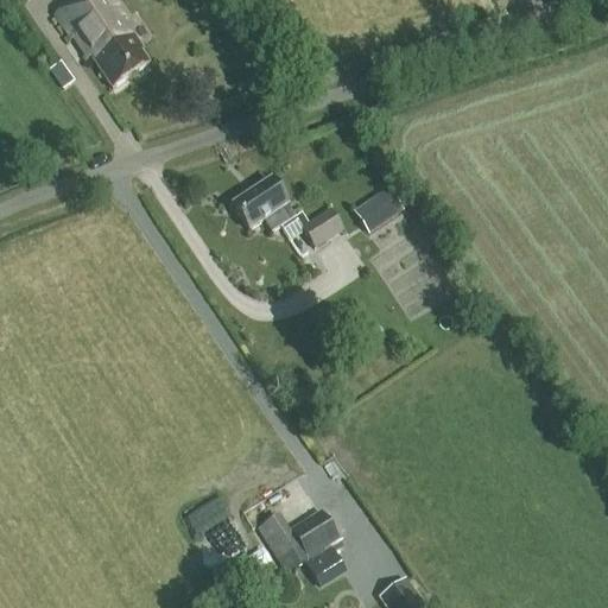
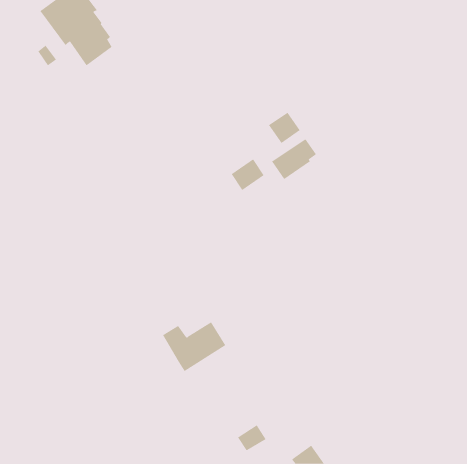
building: none -> [268,112,301,144]
building: [234,177,297,230] -> none
building: [258,507,341,572] -> [162,321,226,372]

